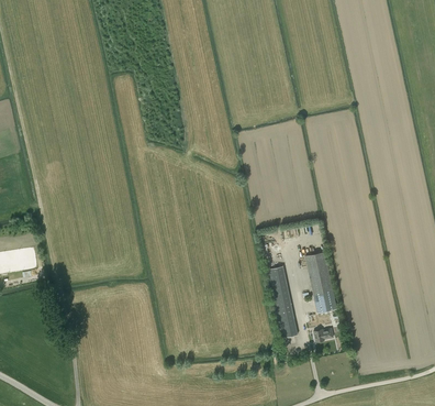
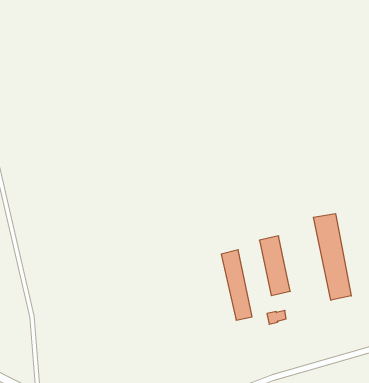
building: none -> [313,214,351,300]

